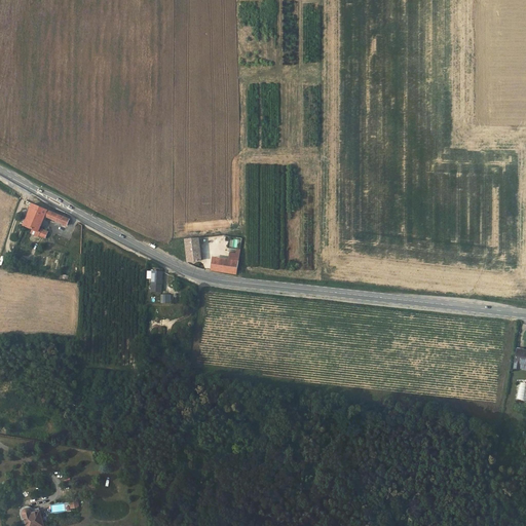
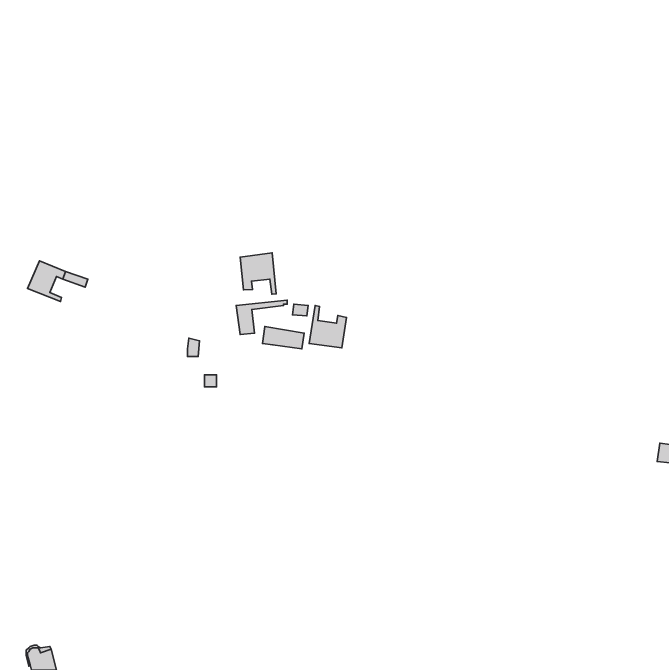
building: none -> [240,253,276,294]
building: none -> [309,306,347,348]

